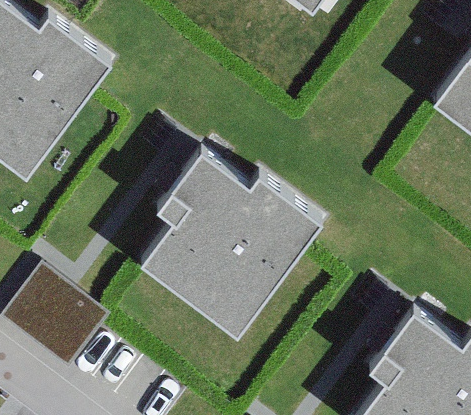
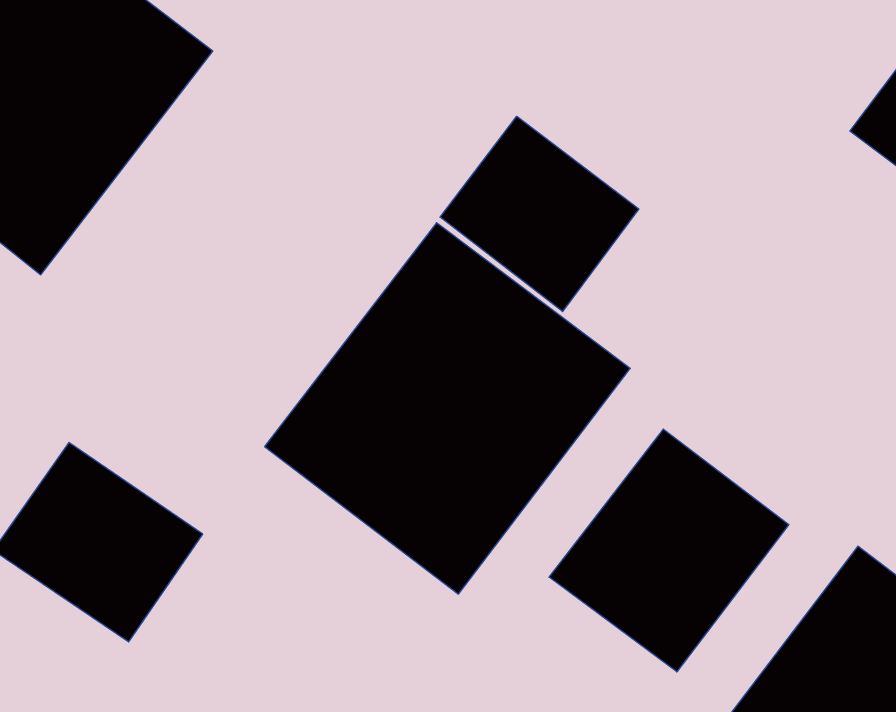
building: none -> [440,116,639,312]
building: none -> [549,429,789,672]

